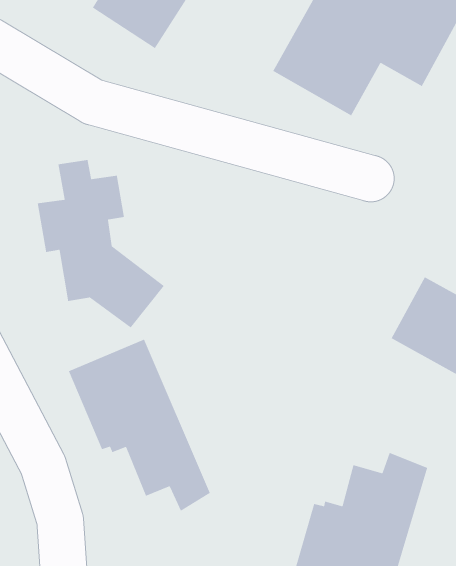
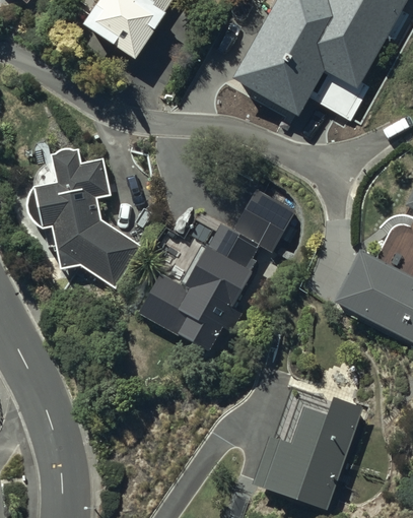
building: none -> [136,190,295,346]
building: [68,338,211,512] -> none

